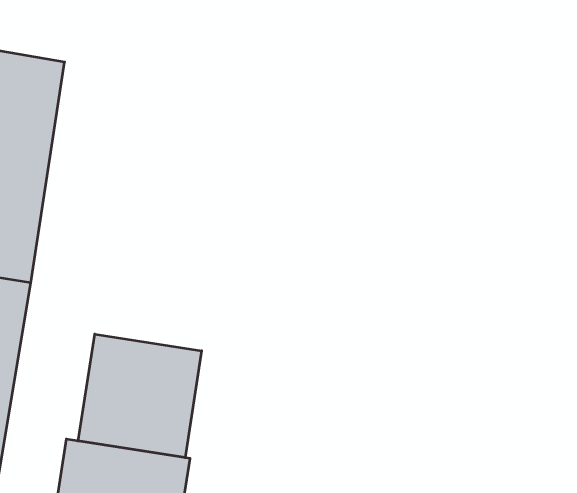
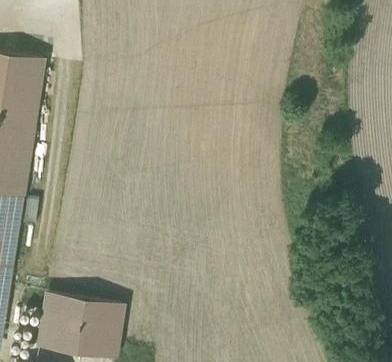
building: [78,334,202,458] -> none

